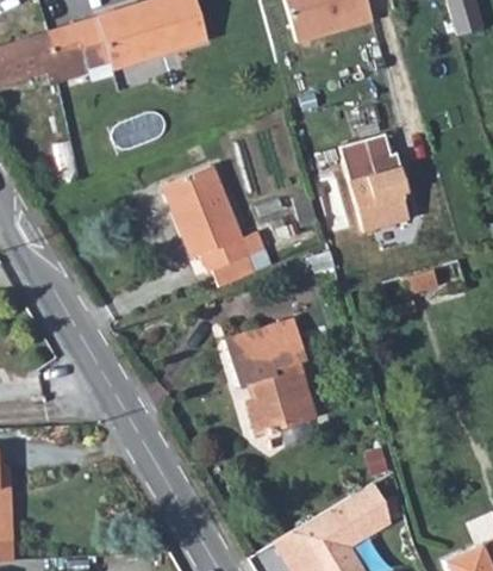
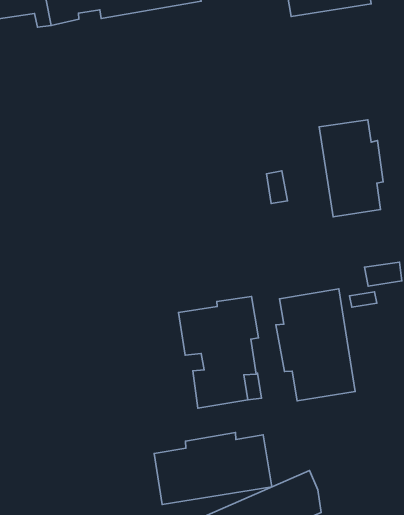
building: [163,166,266,287] -> none
building: none -> [276,289,355,401]
building: none -> [154,432,272,504]

